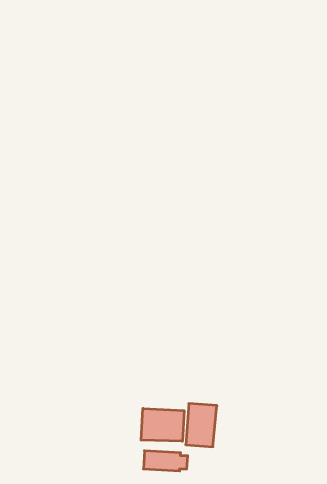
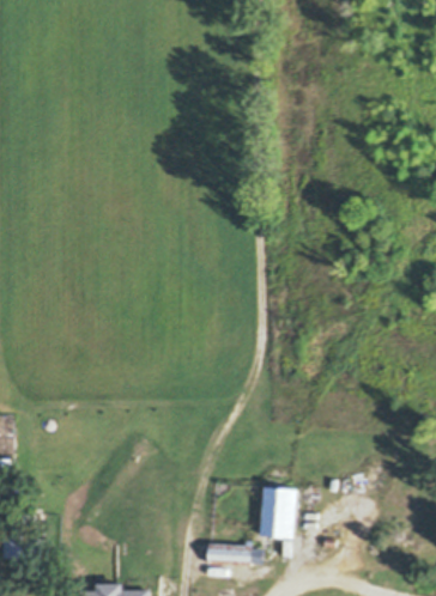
building: [141,408,184,441] -> none

